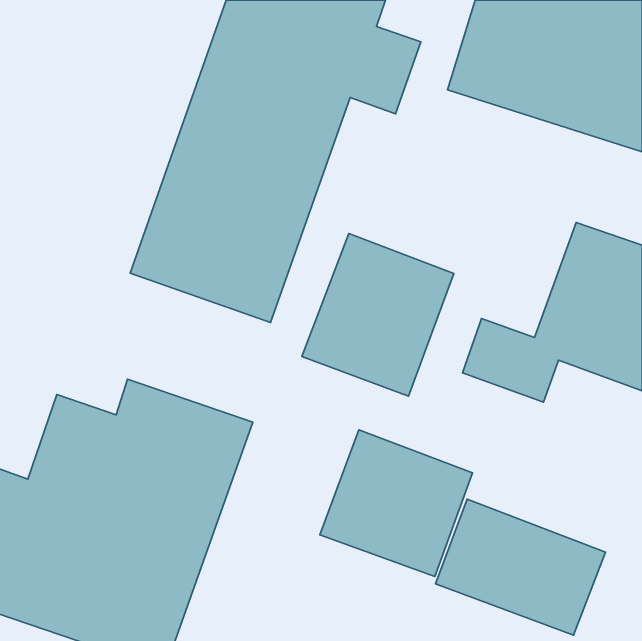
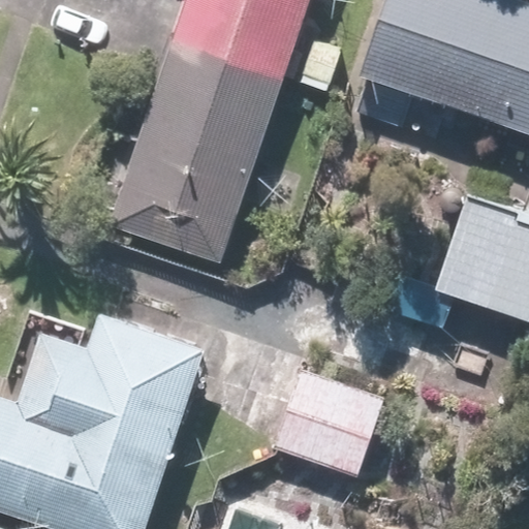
building: [302,233,454,396] -> none
building: [435,499,606,635] -> none

